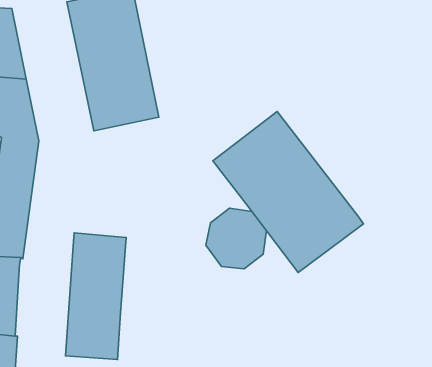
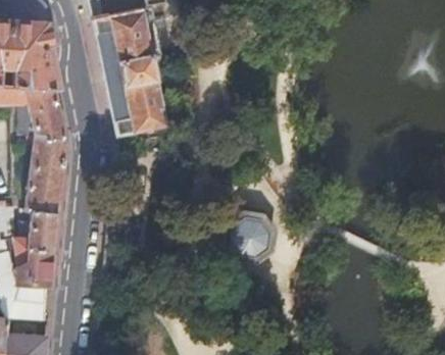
building: [213,112,363,272] -> none
building: [66,233,126,359] -> none

